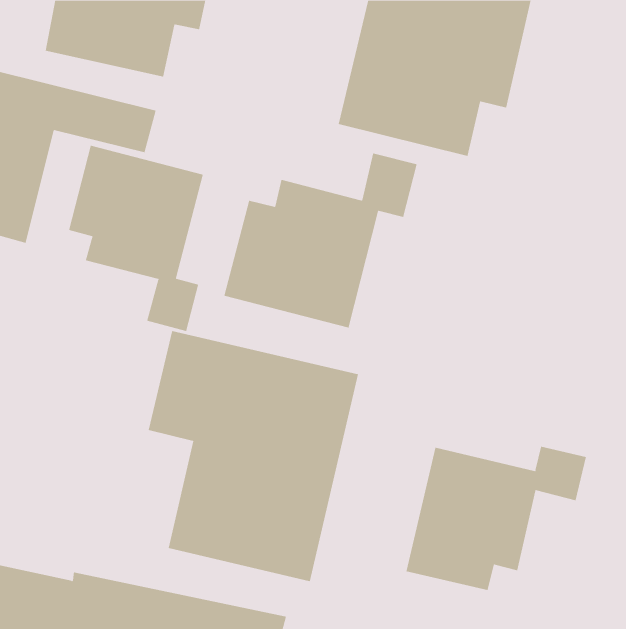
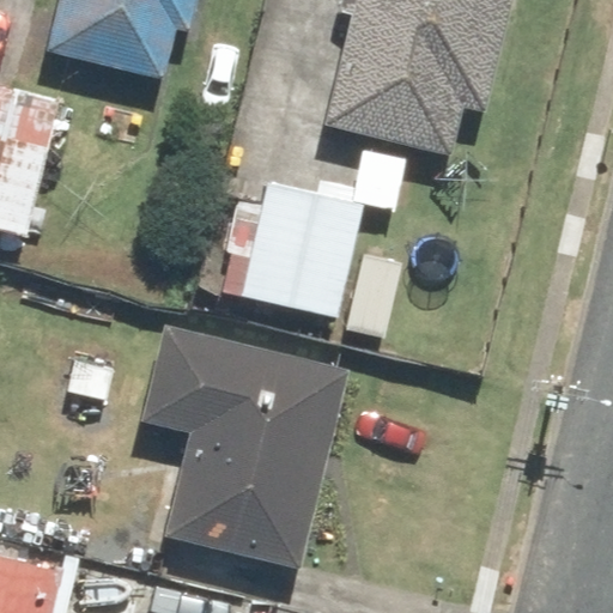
building: [69,145,204,332] -> none
building: [406,446,586,591] -> none

